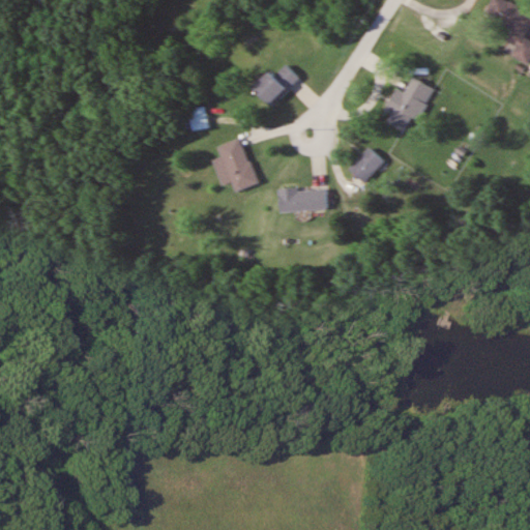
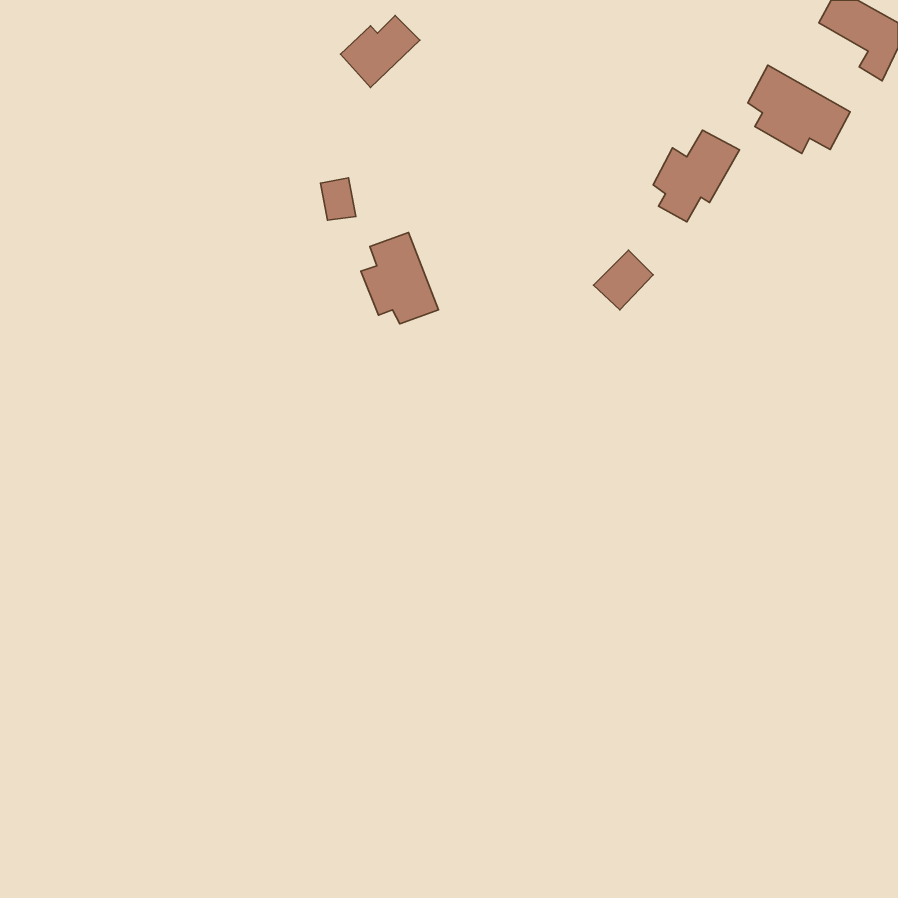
building: none -> [748,65,850,154]
building: [253,64,299,107] -> [341,15,420,88]
building: [279,188,328,212] -> none

